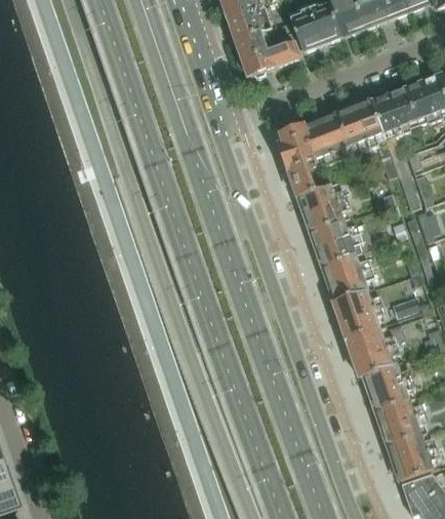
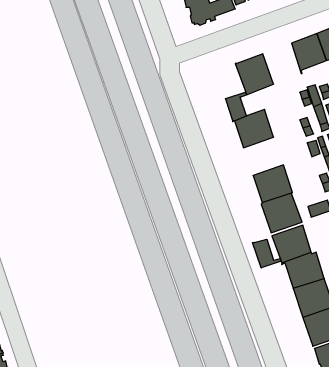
building: [335,99,383,151] -> none
building: [278,125,314,170] -> none
building: [311,217,361,266] -> none
building: none -> [253,239,281,268]

